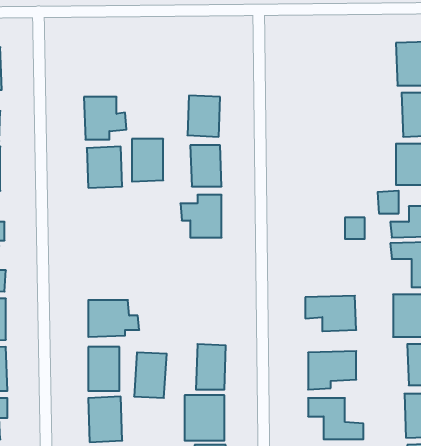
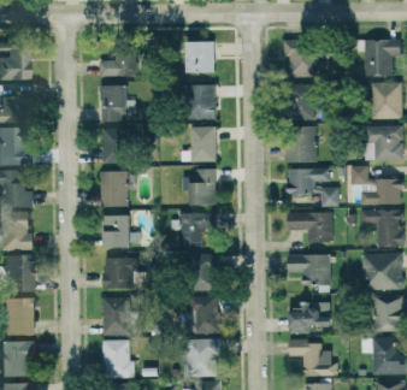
building: none -> [284,39,313,76]
building: none -> [188,41,214,72]
building: none -> [100,43,137,76]
building: none -> [290,84,317,117]
building: [132,139,163,182] -> [101,171,128,207]
building: none -> [287,125,317,162]
building: none -> [288,167,329,195]
building: none -> [182,212,217,246]
building: none -> [288,212,334,243]
building: none -> [102,214,131,248]
building: [134,352,167,398] -> [191,253,219,291]

